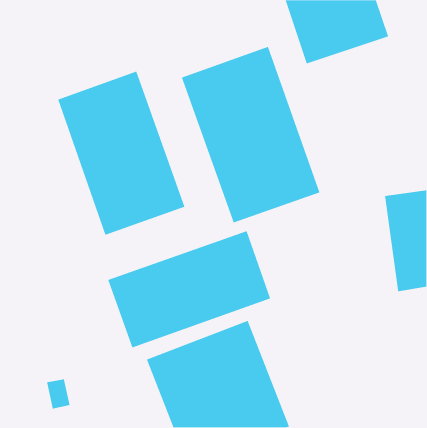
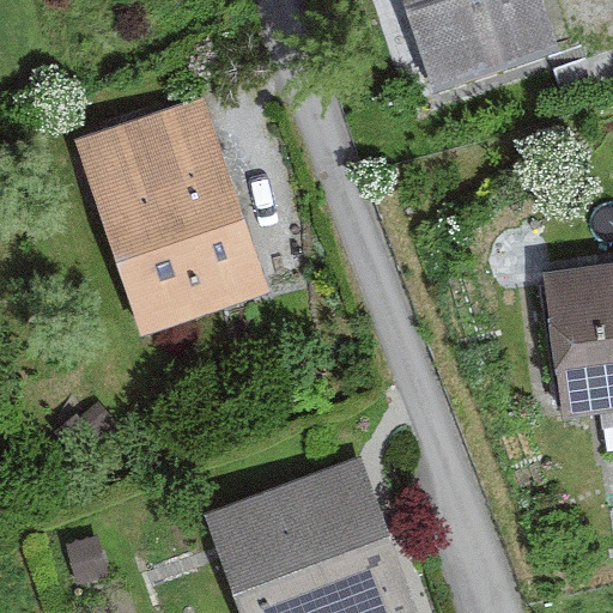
building: [181,46,320,224] -> none
building: [107,230,271,349] -> none

